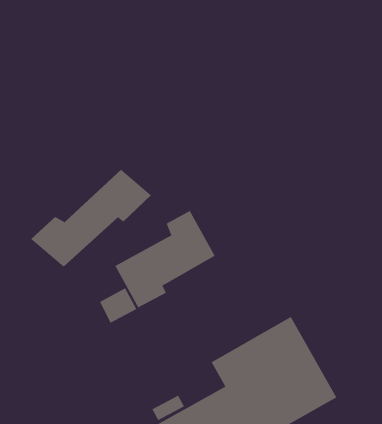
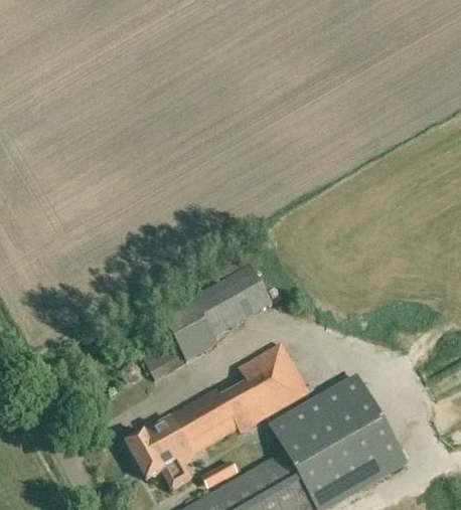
building: [30,169,152,268] -> none
building: none -> [124,344,307,489]

